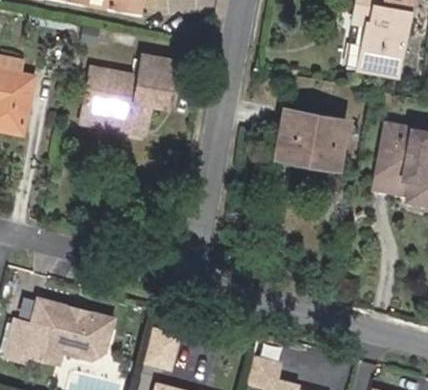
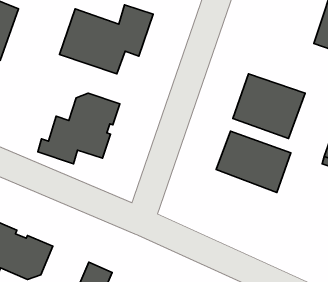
building: none -> [38,93,120,164]
building: none -> [216,131,291,192]

